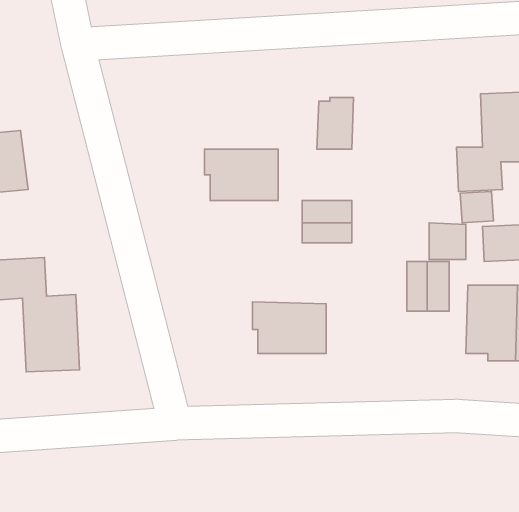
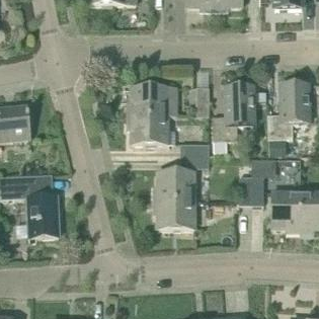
building: none -> [212,85,252,151]
building: none -> [128,86,178,114]
building: none -> [154,171,195,200]

